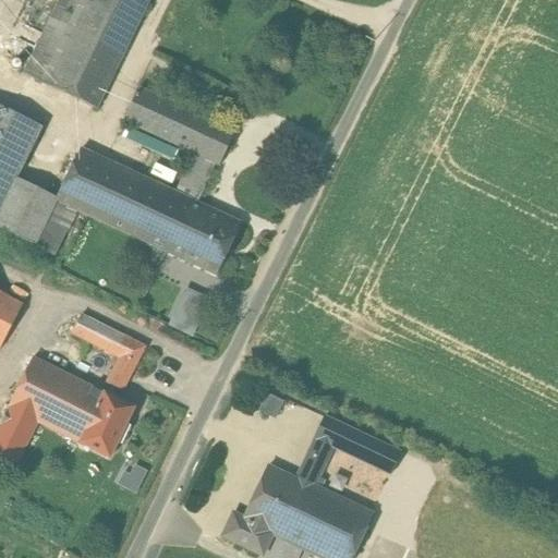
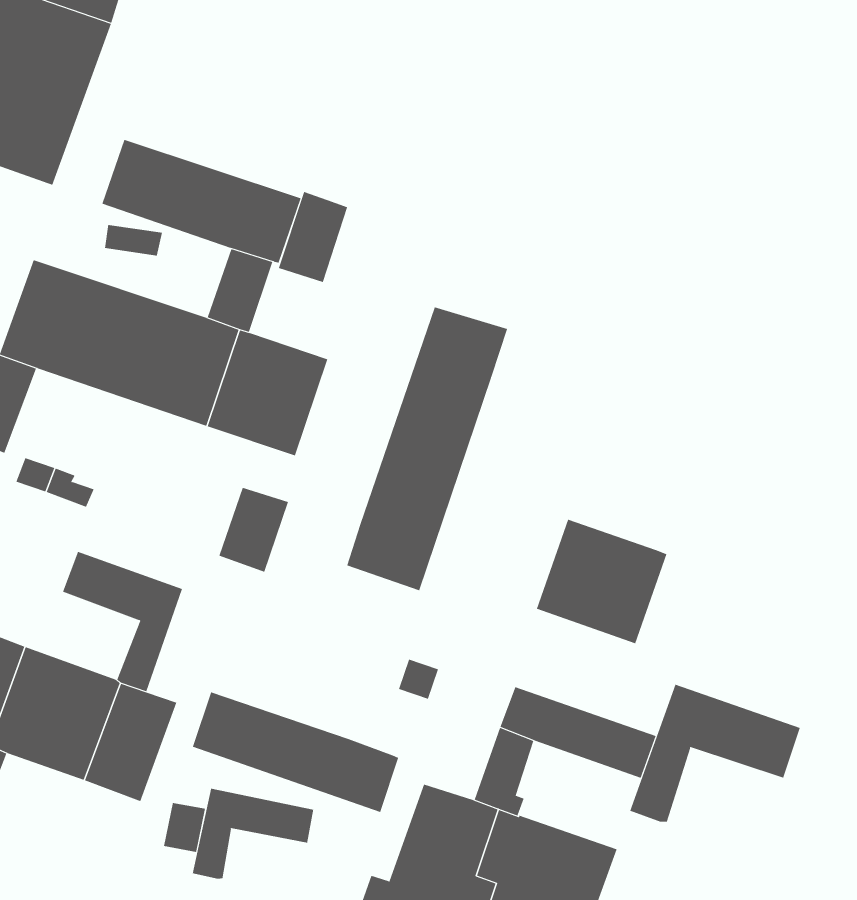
building: none -> [278,191,348,283]
building: none -> [347,307,508,591]
building: none -> [536,519,667,644]
building: none -> [192,692,399,813]
building: none -> [630,684,801,823]
building: none -> [192,788,314,879]

